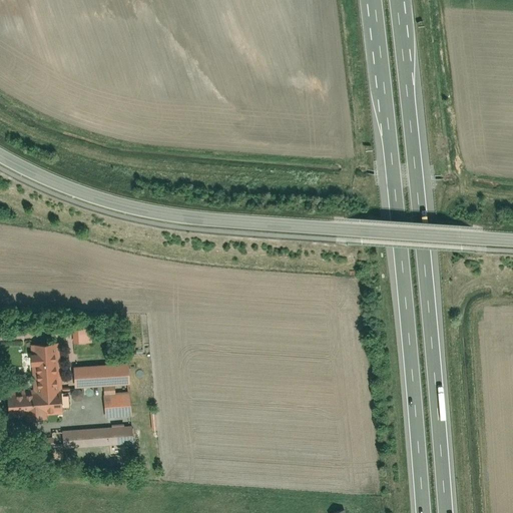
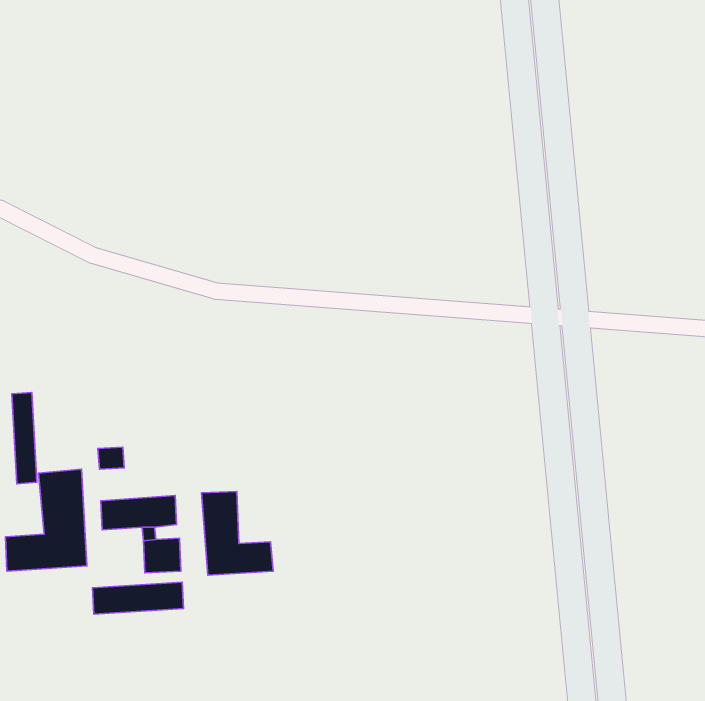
building: none -> [12,392,37,484]
building: none -> [202,492,273,575]

